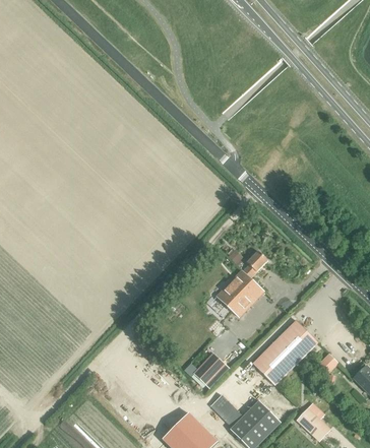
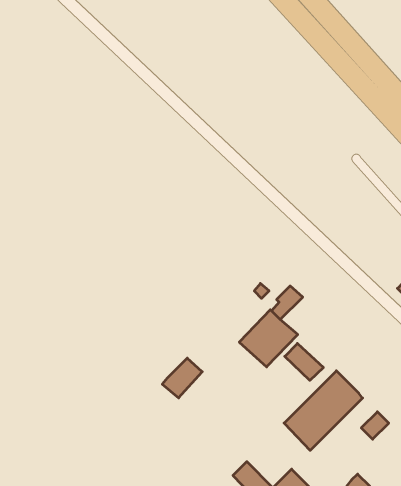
building: none -> [285,343,323,380]
building: [192,353,225,385] -> [162,358,202,398]

